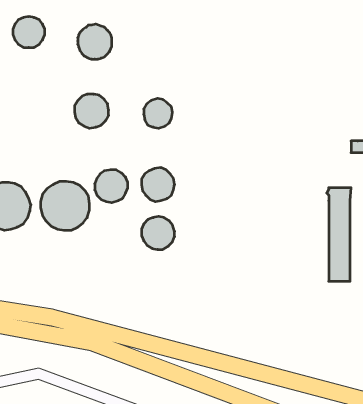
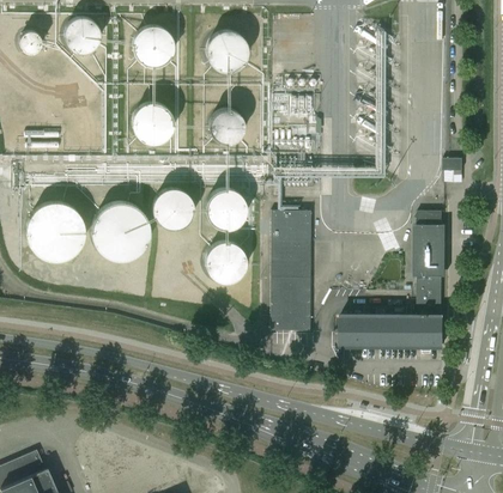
building: none -> [208,34,247,71]
building: none -> [272,212,311,331]
building: none -> [343,316,444,348]

